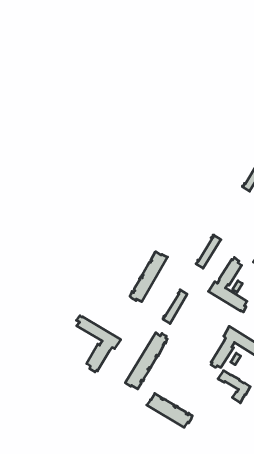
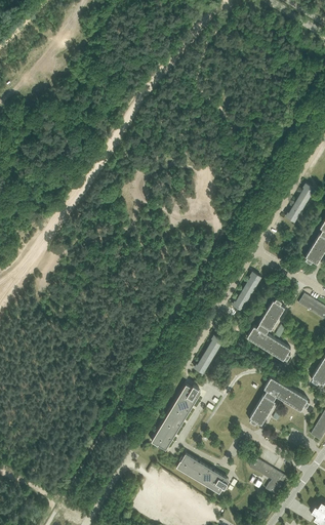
building: [130,252,168,302] -> none
building: [76,316,121,372] -> none
building: [218,371,250,403] -> [249,458,286,495]

